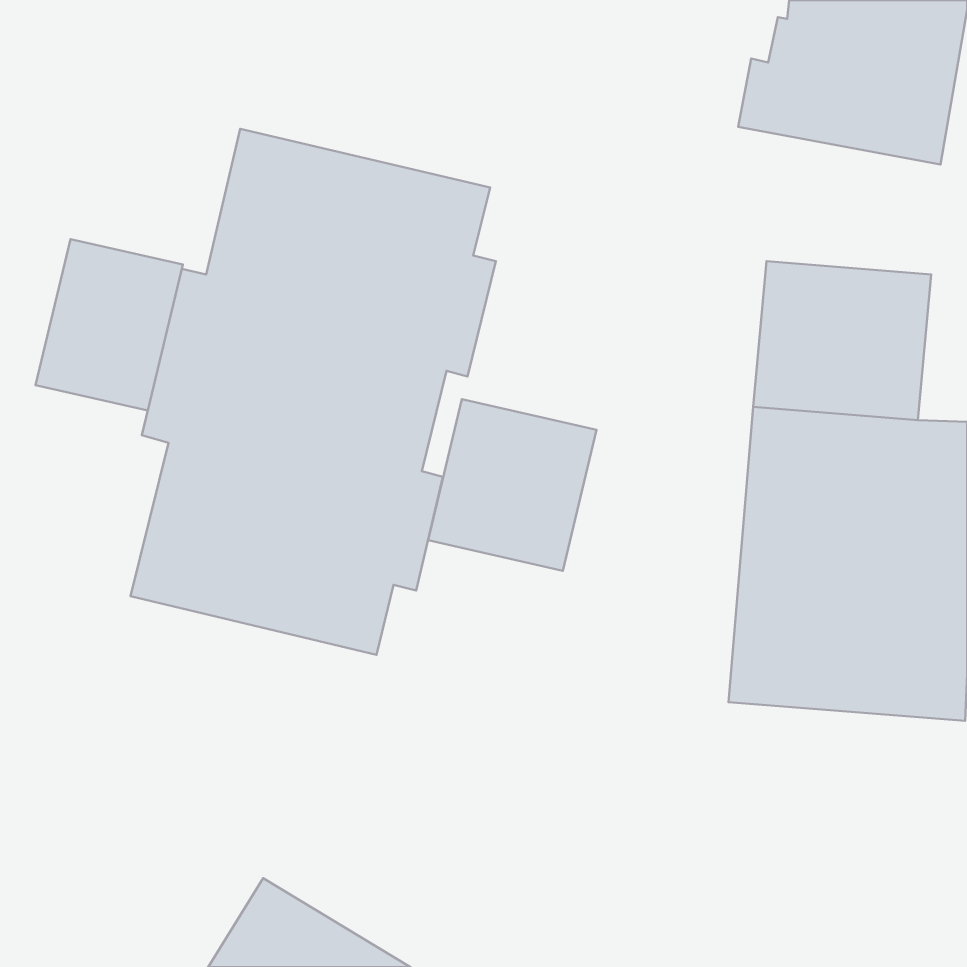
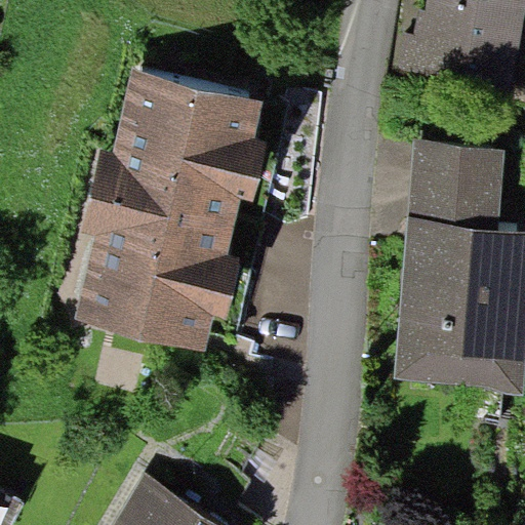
building: [36,239,183,411] -> none
building: [428,399,596,571] -> none

